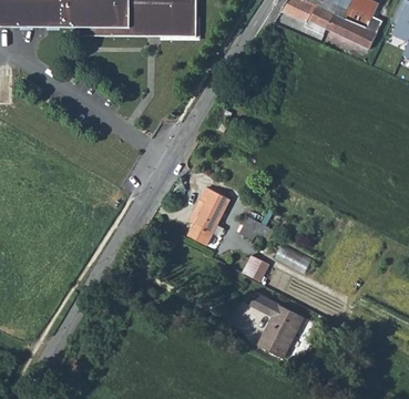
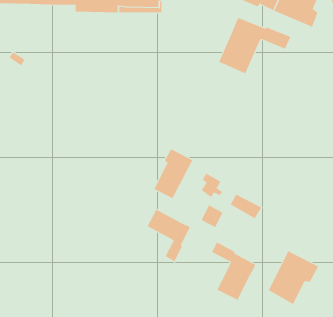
building: none -> [218,17,291,74]
building: none -> [147,209,190,262]
building: none -> [268,251,319,305]

